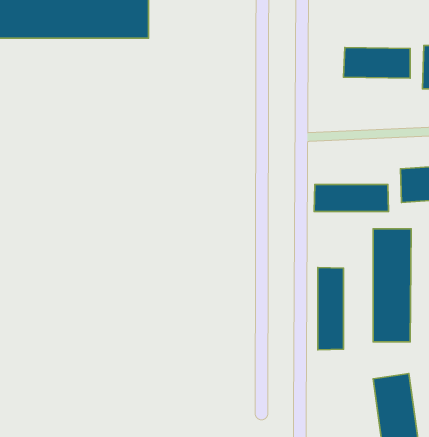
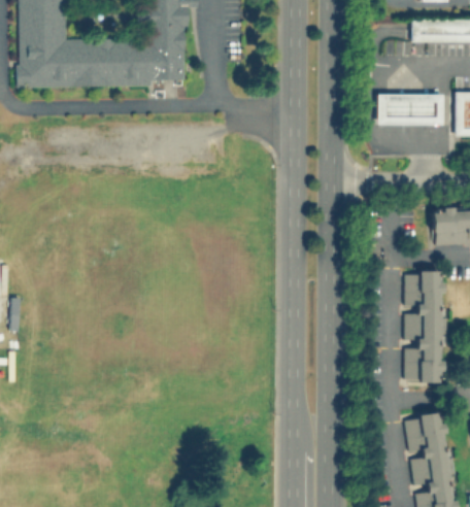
building: [314,185,389,211] -> none
building: [318,268,344,350] -> none

